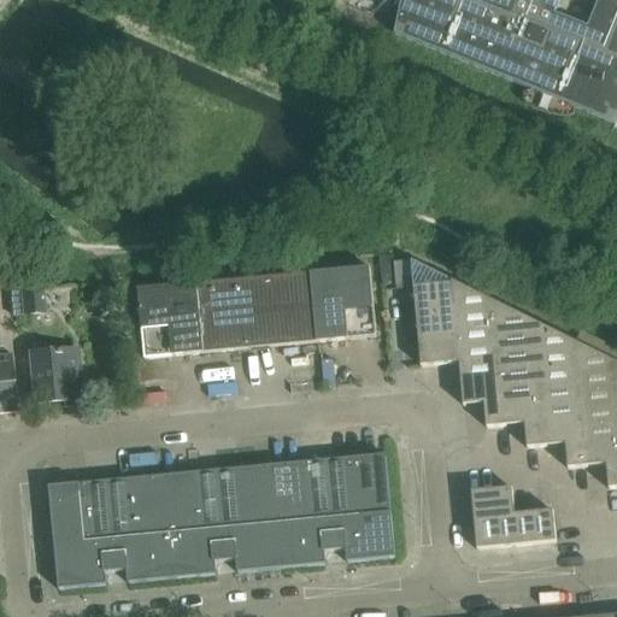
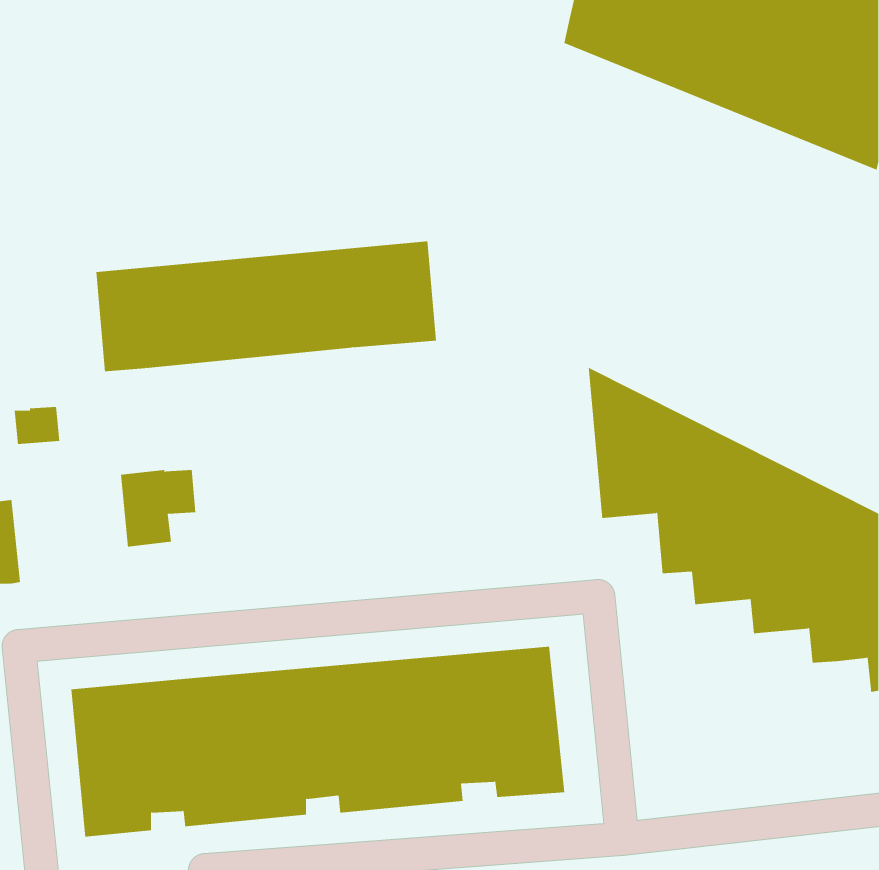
building: [137,263,376,354] -> [96,241,437,372]
building: [27,345,80,399] -> [120,469,196,547]
building: [471,484,556,546] -> none

